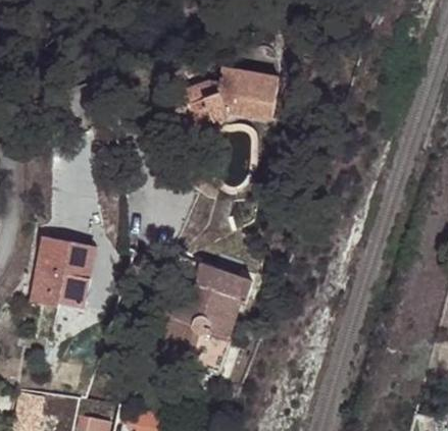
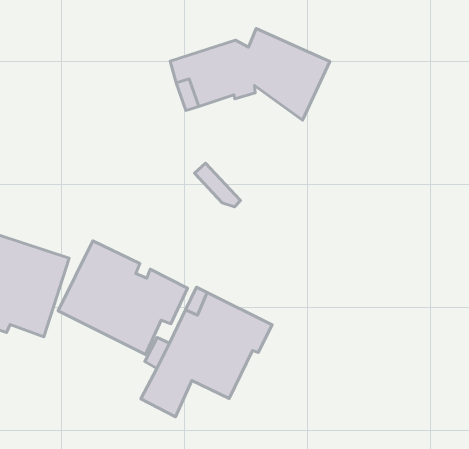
building: none -> [58,241,187,354]

